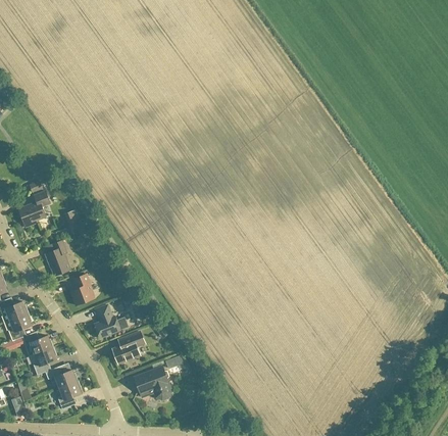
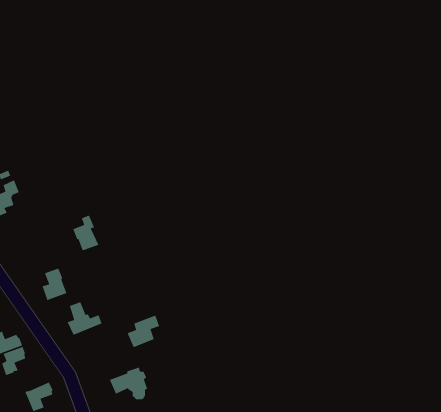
building: [45,240,70,275] -> [72,215,99,252]
building: [112,331,144,362] -> [127,314,160,348]
building: [45,366,78,388] -> none

